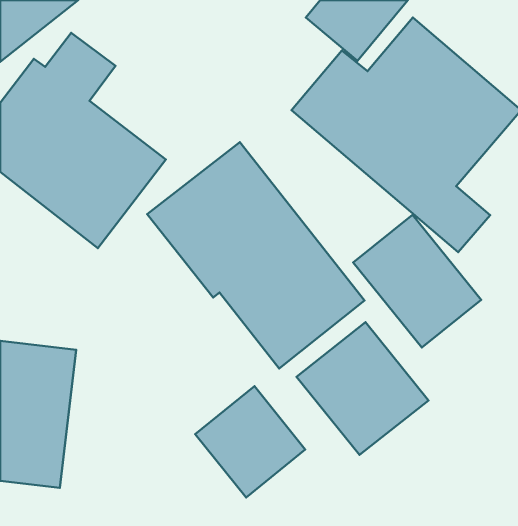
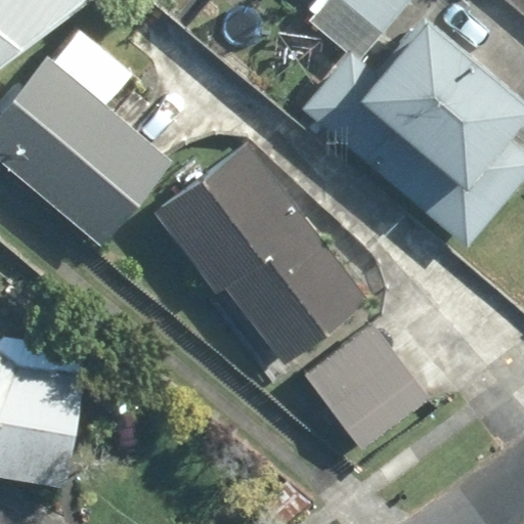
building: [353,215,481,347] -> none
building: [195,386,305,498] -> none

